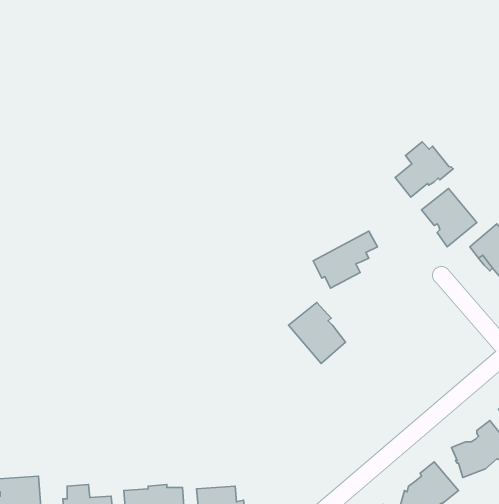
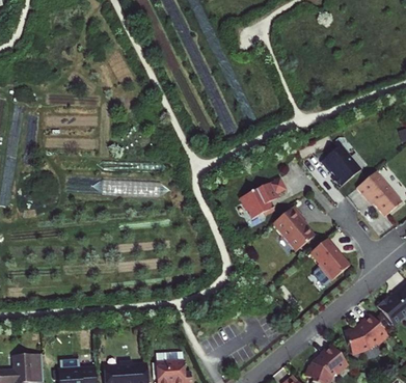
building: [395,142,453,197] -> none
building: [288,302,345,364] -> [272,206,314,250]
building: none -> [308,238,350,285]

